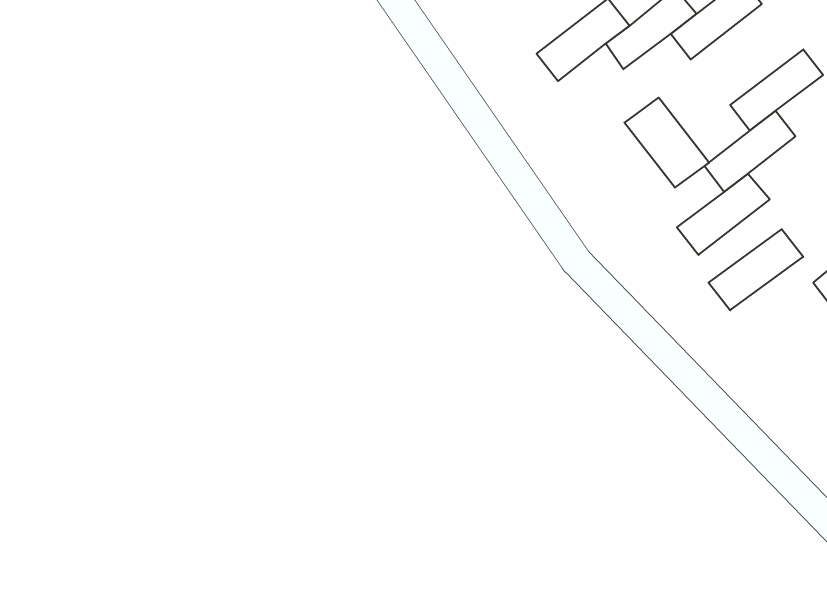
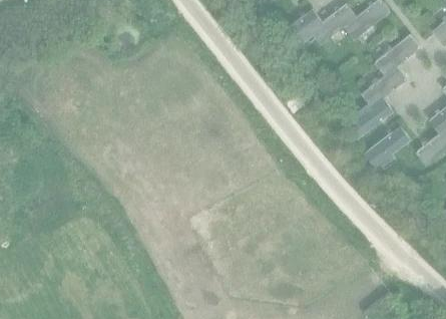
building: [624,98,709,188] -> none

